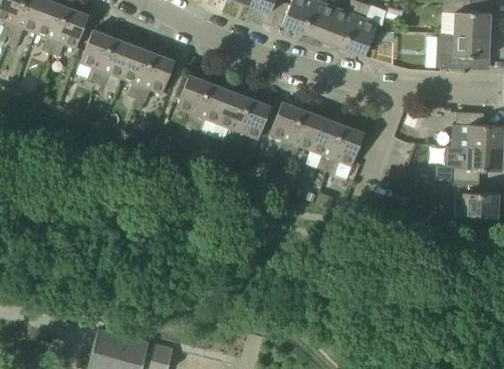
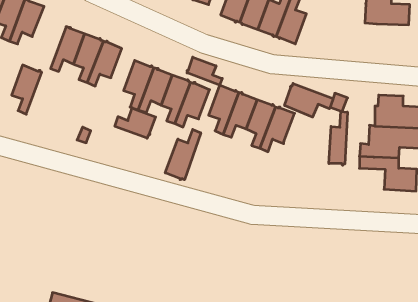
building: [80,29,113,83] -> [12,65,42,114]
building: [437,33,490,68] -> none
building: none -> [187,57,222,85]
building: none -> [285,83,333,117]
building: none -> [115,108,156,138]
building: none -> [329,111,347,165]
building: none -> [165,129,201,180]

